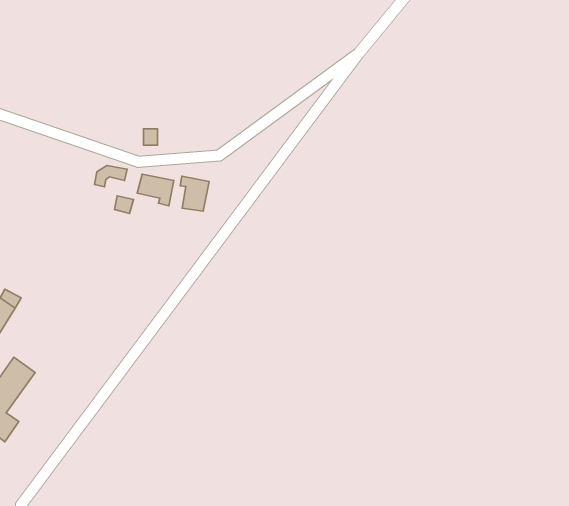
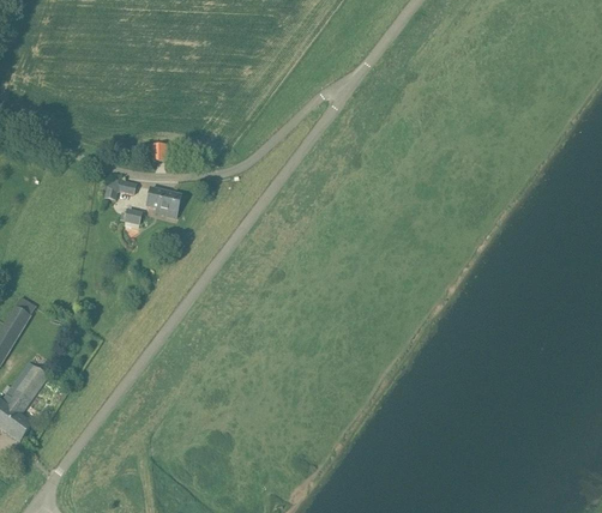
building: [180,176,209,211] -> none

